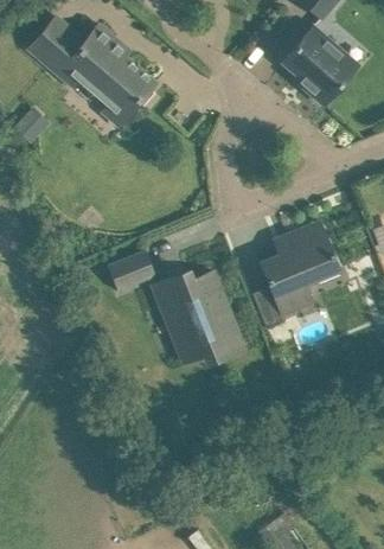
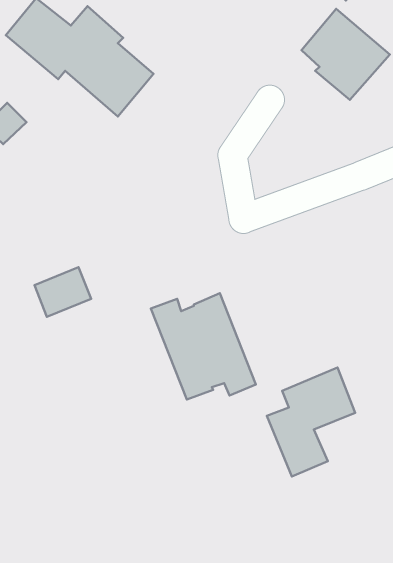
building: [260,222,335,315] -> [267,367,355,476]
building: [108,250,156,293] -> [34,267,91,317]

